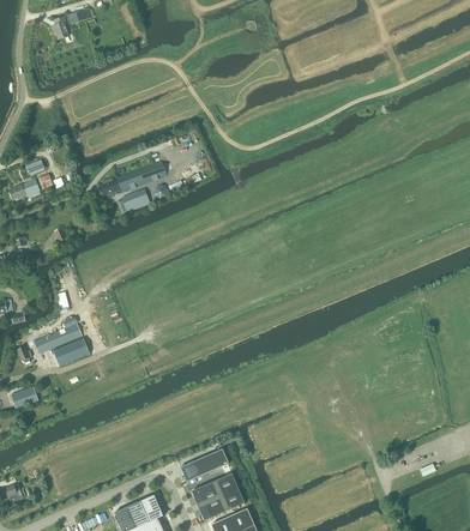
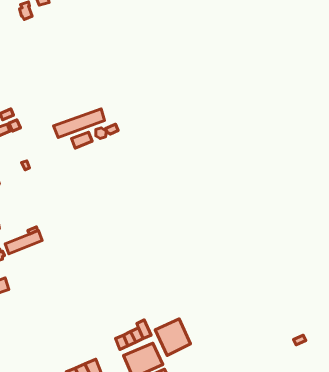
building: [53,338,90,366] -> none
building: none -> [155,319,191,356]

